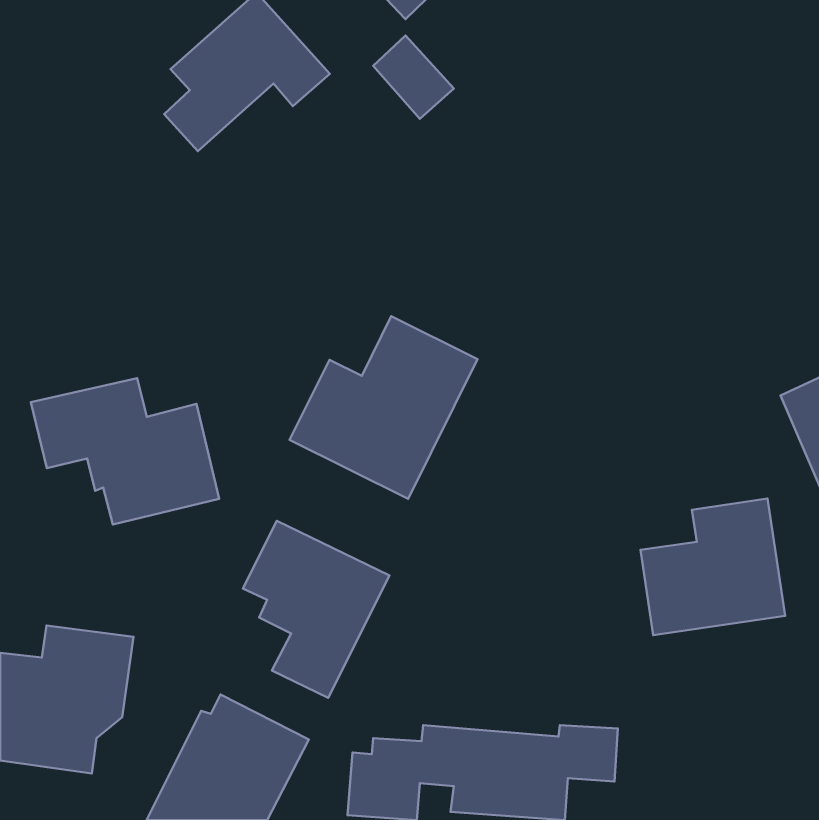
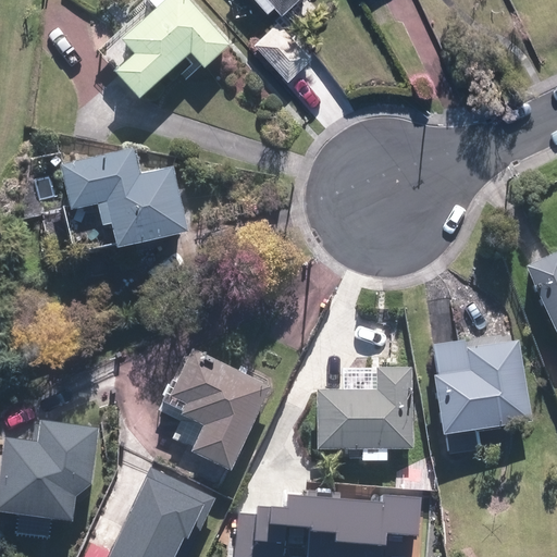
building: [290,316,477,499] -> none
building: [31,378,219,524] -> [65,150,193,249]
building: none -> [313,369,409,454]

